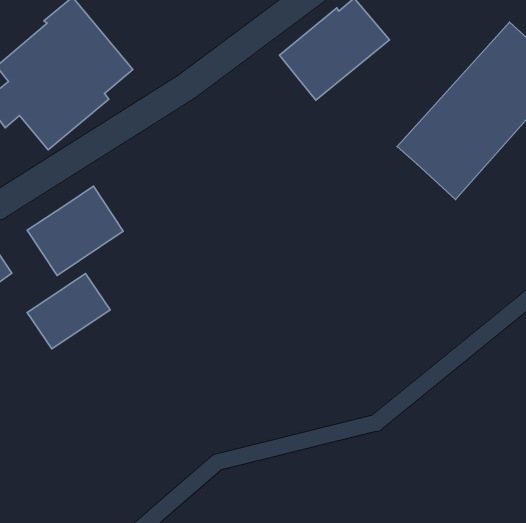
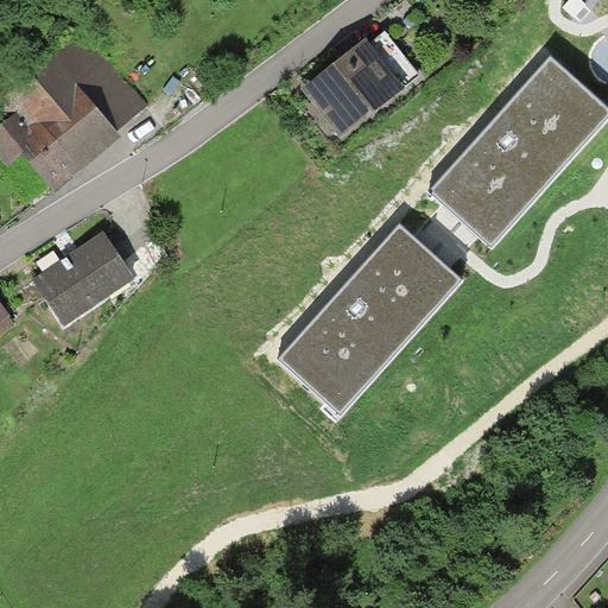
building: none -> [278,222,466,416]
building: [27,273,110,349] -> none

